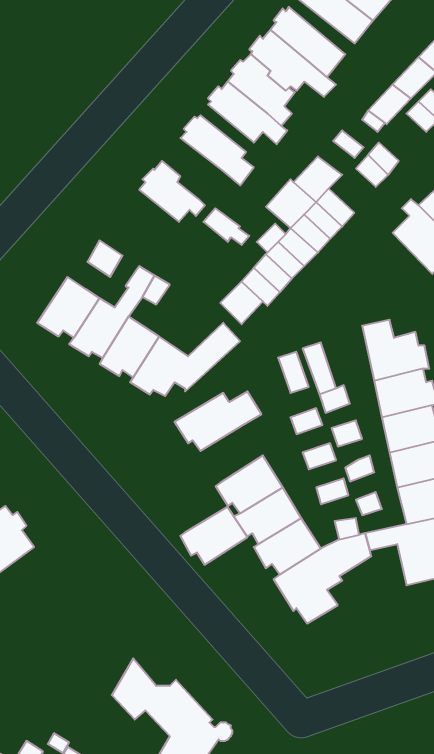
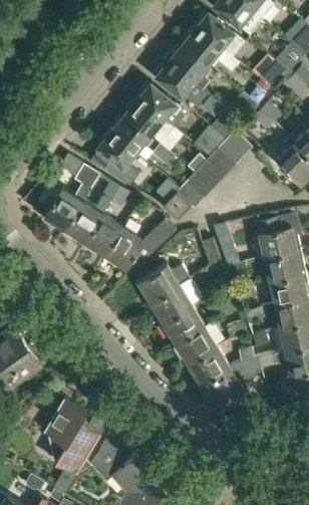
building: none -> [124,96,176,137]
building: none -> [90,131,138,185]
building: [180,507,247,565] -> [146,285,191,323]
building: none -> [43,398,99,474]

